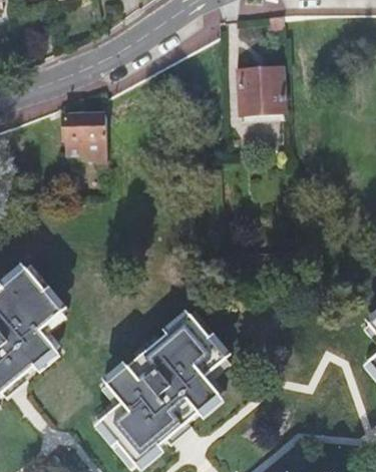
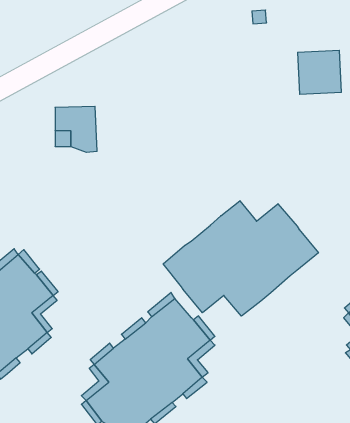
building: [239,68,284,113] -> [298,50,341,94]
building: none -> [163,201,318,316]

